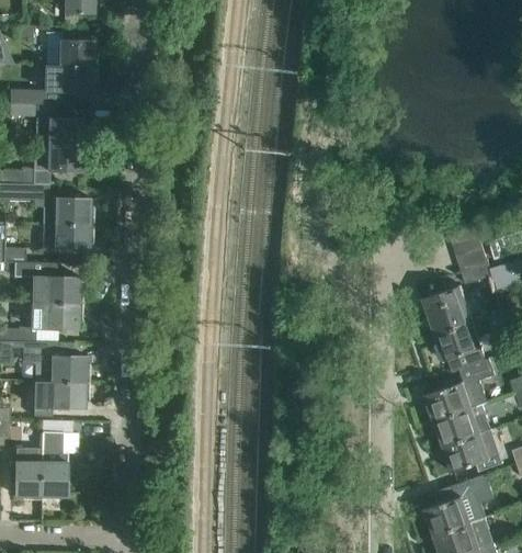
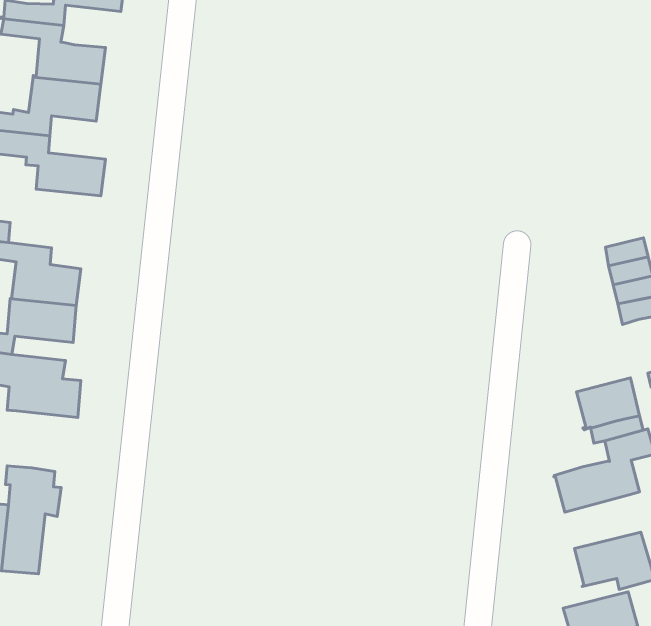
building: [42,224,89,251] -> none
building: [422,286,474,336] -> none
building: [41,382,86,419] -> none
building: [435,405,490,447] -> none

